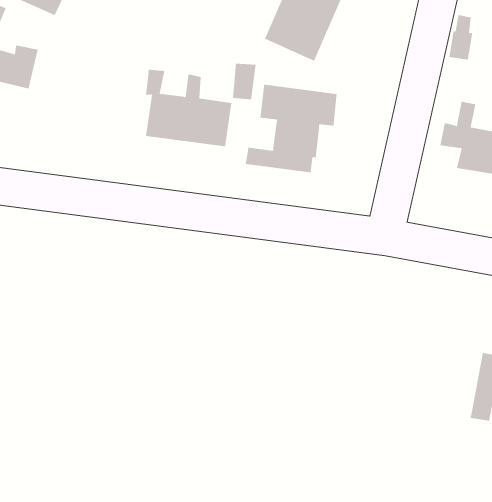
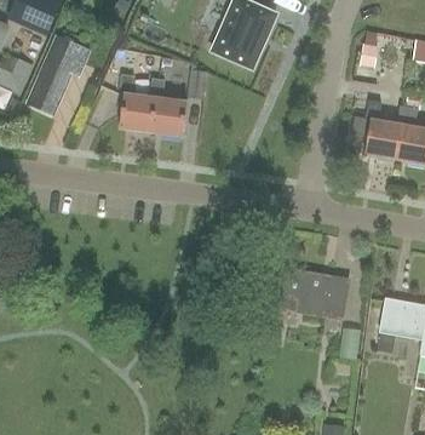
building: none -> [25,34,90,114]
building: [245,84,337,173] -> none
building: none -> [274,268,348,316]

